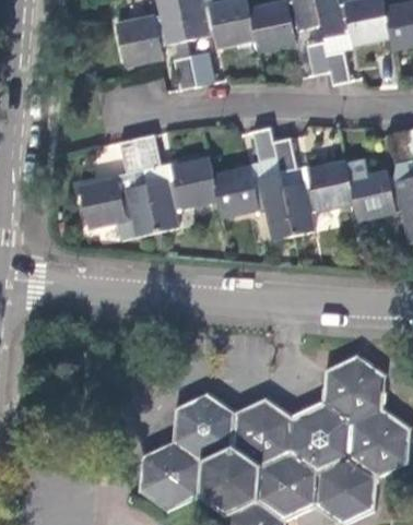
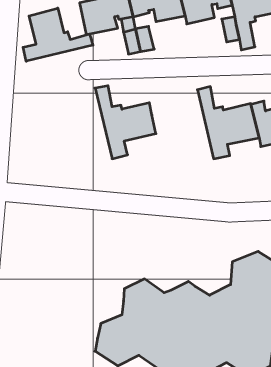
building: none -> [23,8,93,61]
building: [212,126,295,237] -> none
building: [81,138,158,240] -> none

